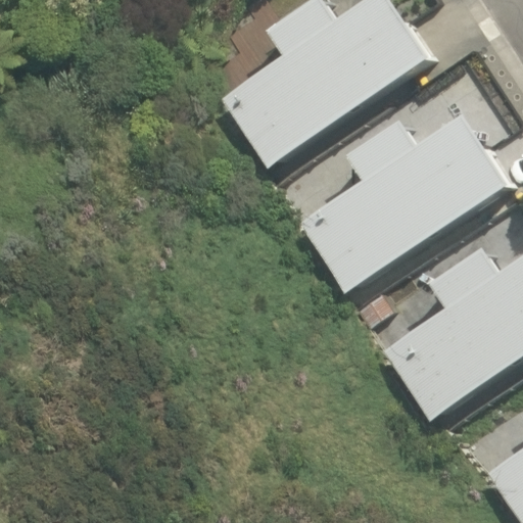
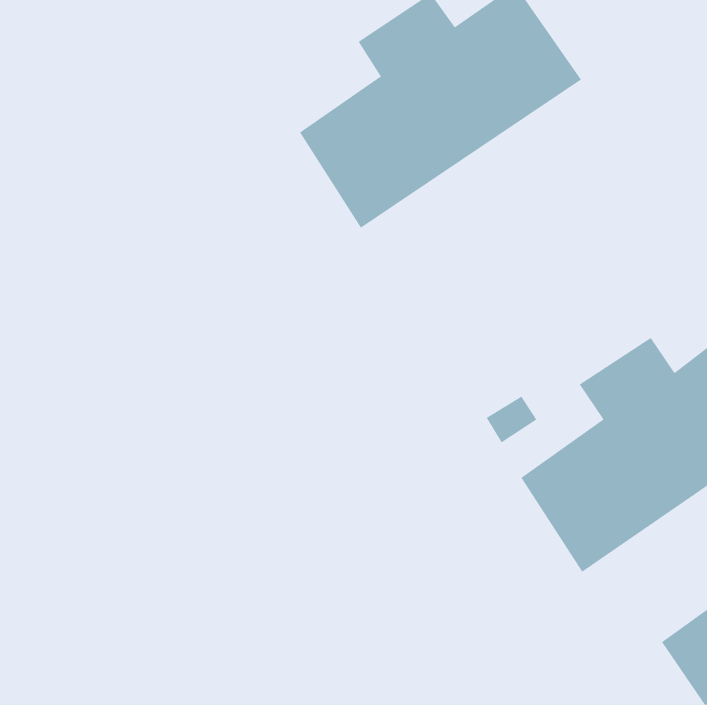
building: [300,114,508,292] -> none

